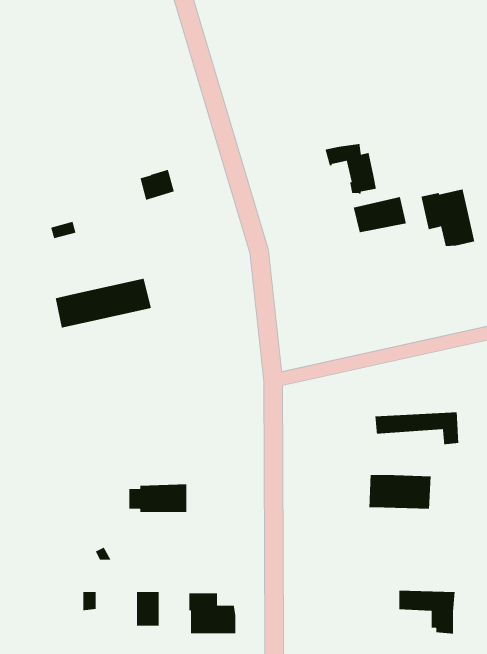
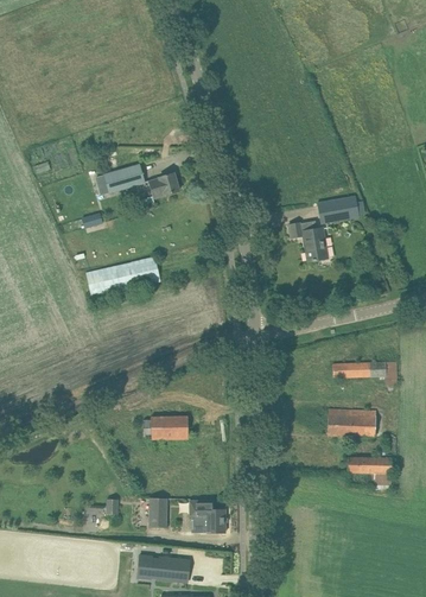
building: [325,143,377,197] -> [287,220,328,261]
building: none -> [104,164,144,191]
building: [421,189,475,247] -> none
building: [399,590,455,635] -> [348,456,392,490]

